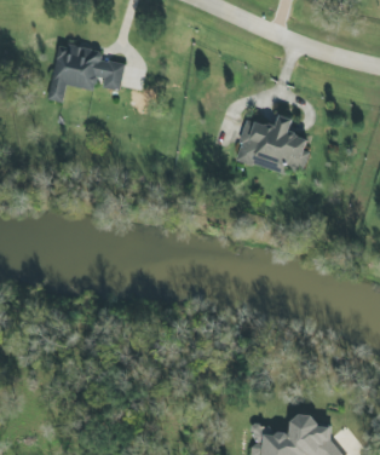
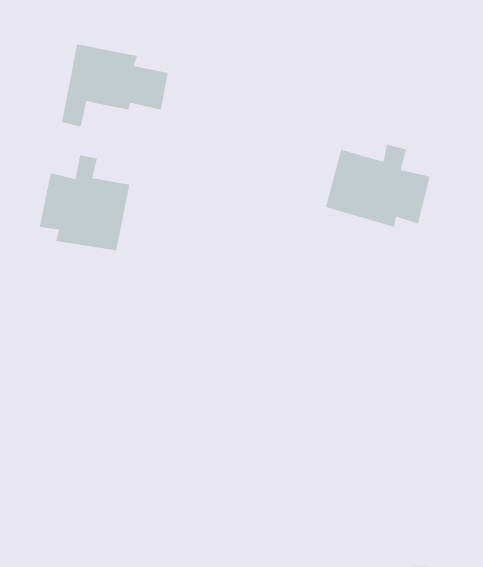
building: none -> [39,155,130,251]

